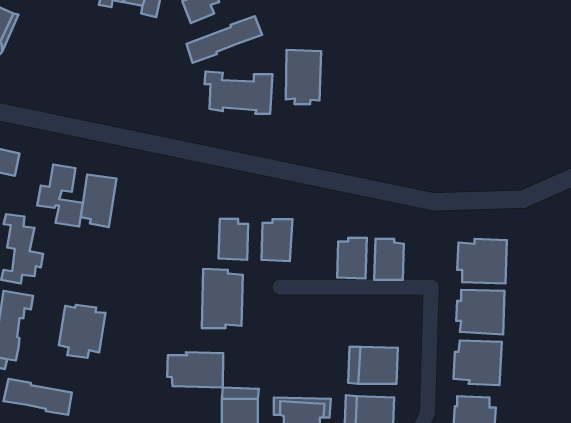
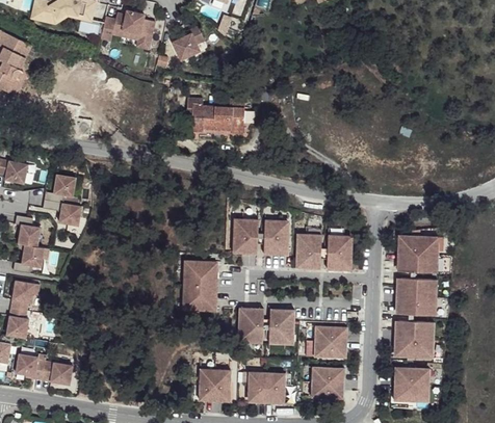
building: [186,16,262,63] -> none
building: [286,50,321,104] -> none
building: [81,174,117,227] -> none
building: [218,219,248,260] -> [264,221,289,256]
building: [59,305,106,358] -> none
building: none -> [238,309,263,344]
building: none -> [269,310,294,344]
building: [167,352,223,388] -> none

